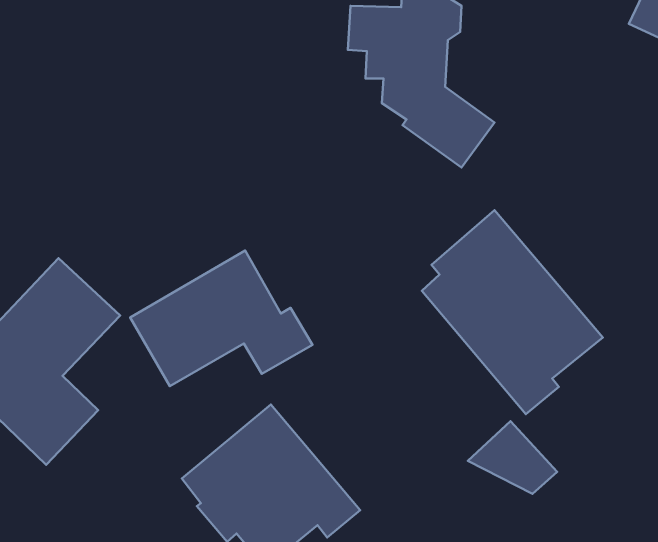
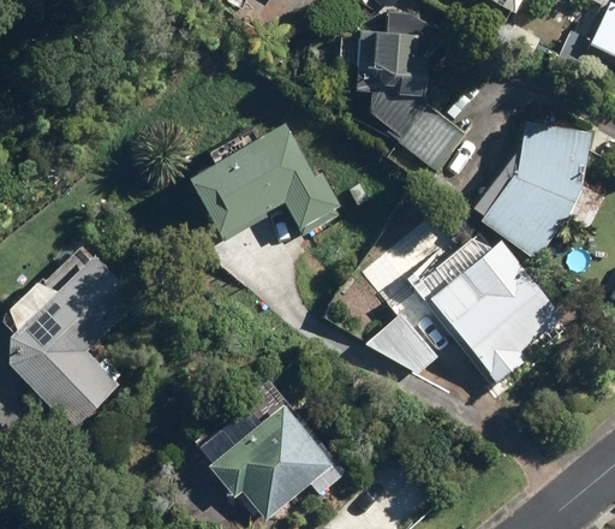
building: none -> [482,120,590,256]
building: [130,250,312,386] -> [181,121,341,240]
building: [468,421,557,494] -> [364,309,442,373]

